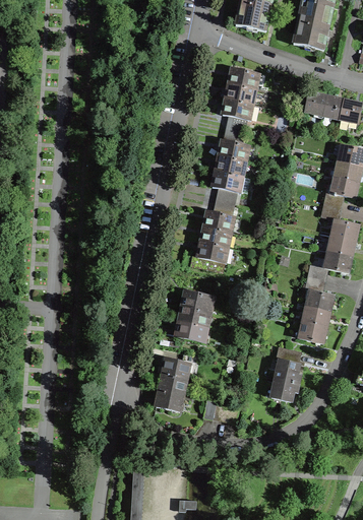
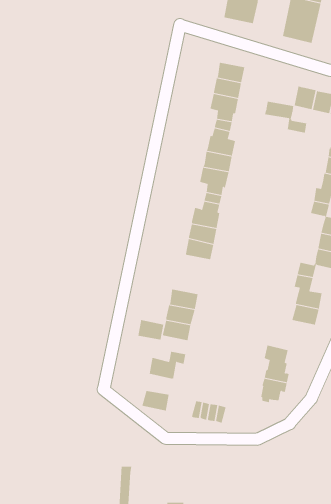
building: none -> [265,101,307,133]
building: [298,321,325,342] -> none
building: [159,374,185,394] -> [137,319,164,340]

